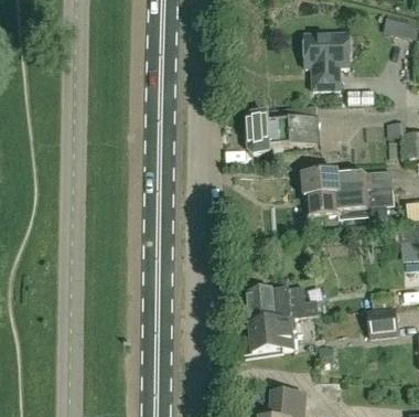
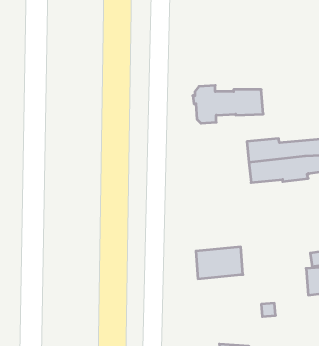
building: [304,33,348,89] -> none
building: [249,319,297,353] -> none

